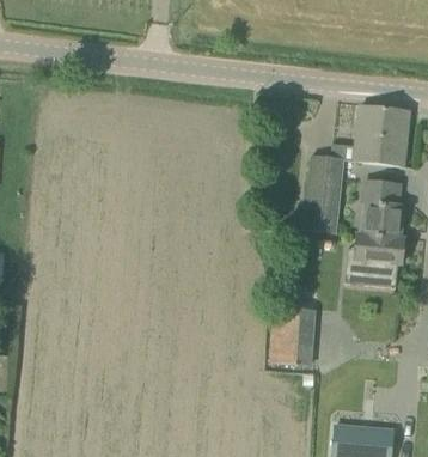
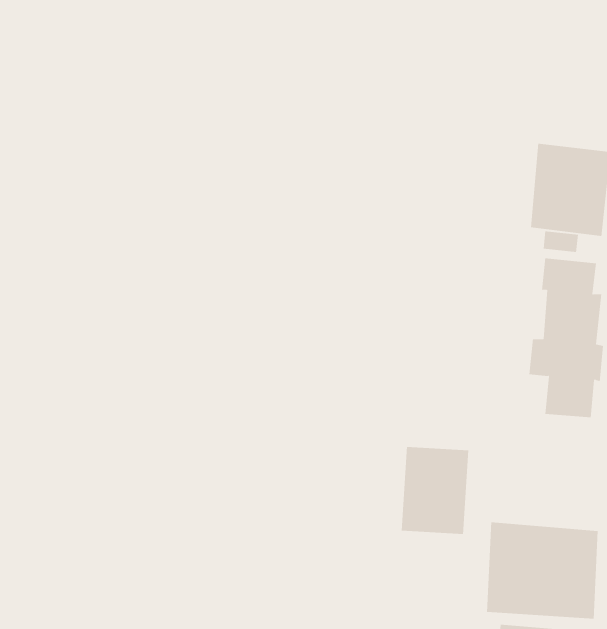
building: [305,156,344,232] -> none
building: none -> [487,522,598,619]

